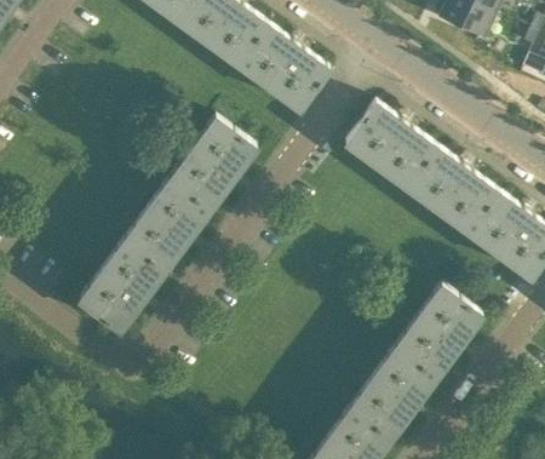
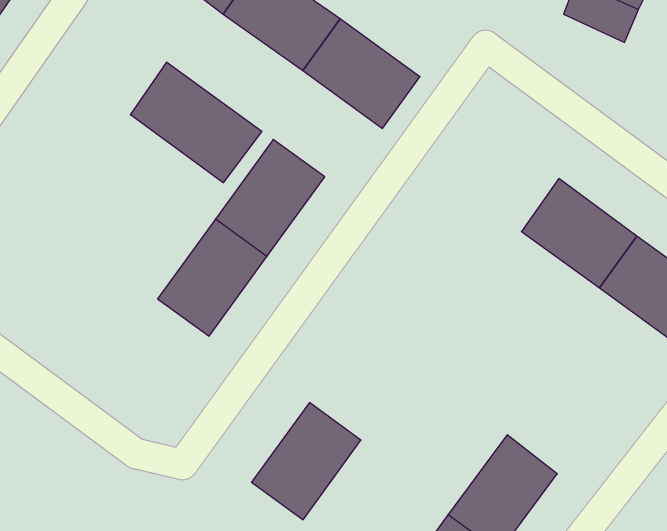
building: none -> [130,62,262,183]
building: [345,104,436,189] -> none
building: [80,241,165,332] -> [252,403,361,520]
building: [396,286,481,377] -> none

